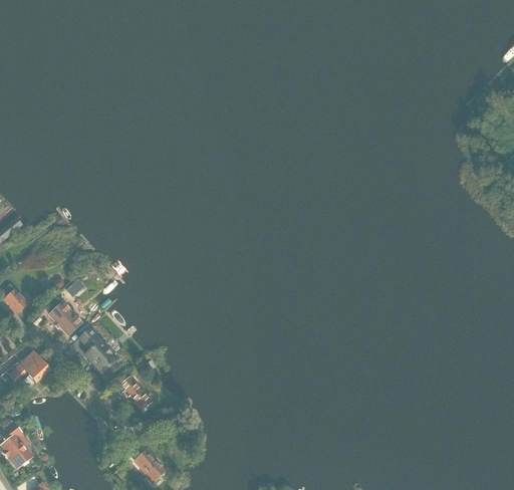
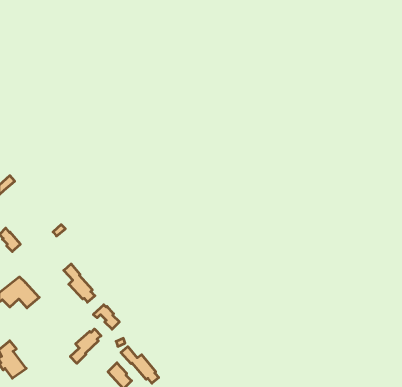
building: [45,297,83,336] -> none
building: none -> [70,329,101,363]
building: none -> [121,347,159,383]

